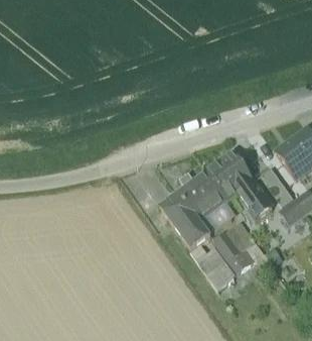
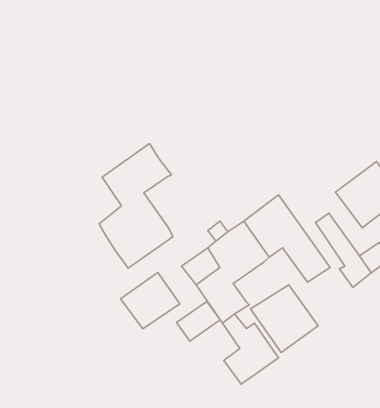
building: none -> [99,143,173,268]
building: [198,205,231,235] -> [176,301,220,341]
building: none -> [121,273,180,329]

